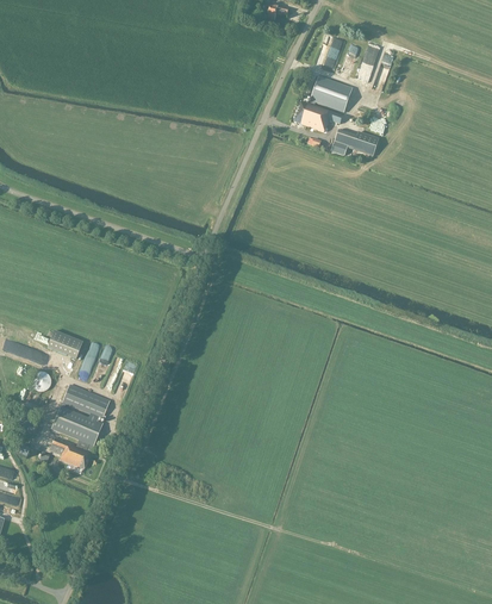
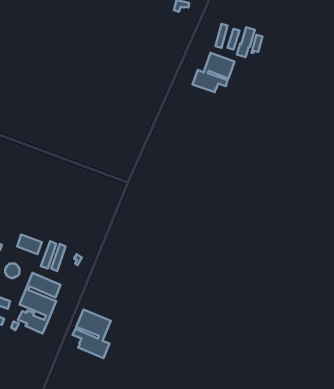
building: [331,130,379,155] -> none
building: none -> [73,310,111,358]

